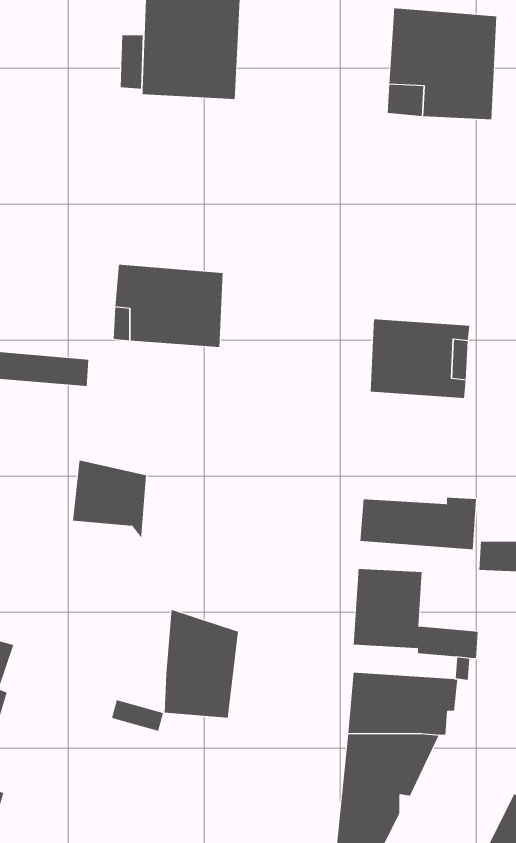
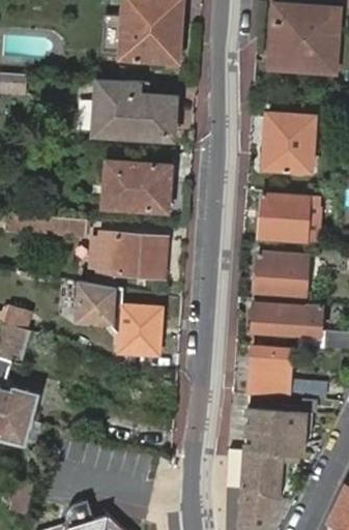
building: none -> [95,78,174,140]
building: none -> [263,113,314,172]
building: none -> [92,233,165,279]
building: none -> [254,254,307,300]
building: [164,609,239,718] -> [118,290,164,356]

